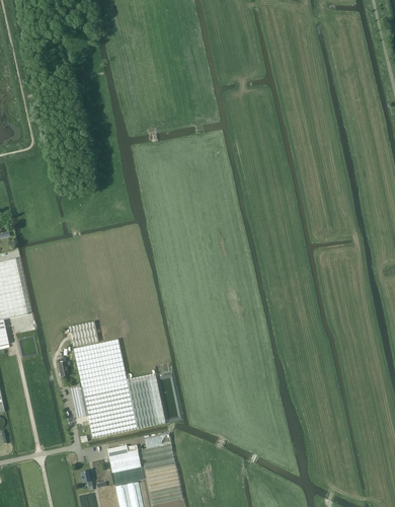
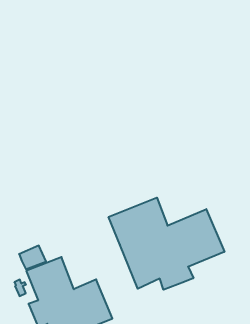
building: none -> [109,198,224,290]

